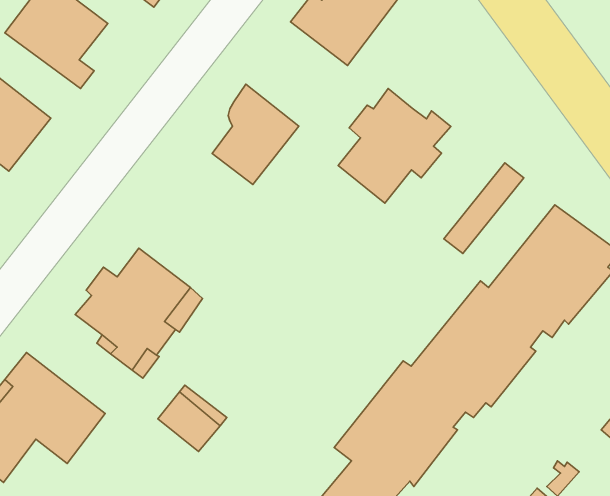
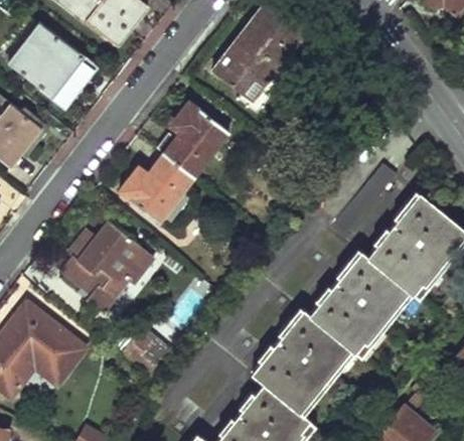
building: [338,88,451,203] -> none
building: none -> [119,155,192,222]

